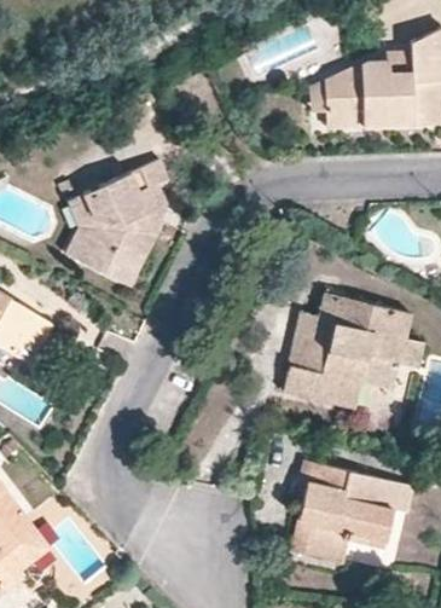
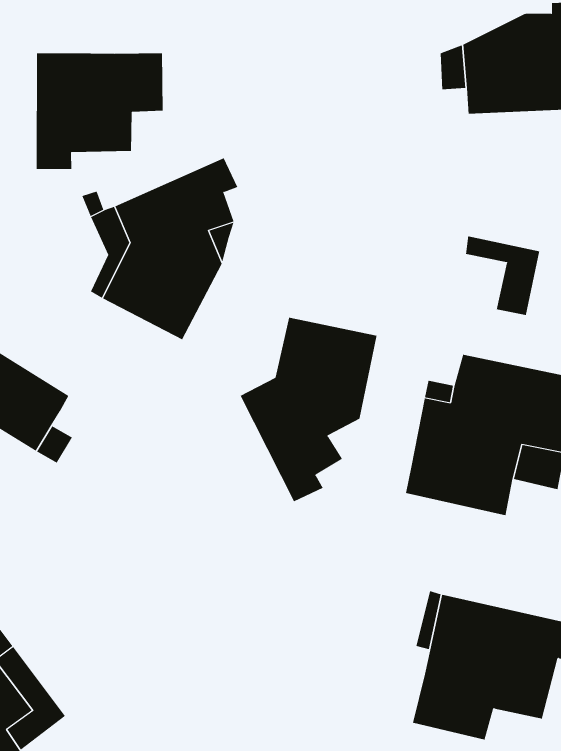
building: none -> [36,52,163,170]
building: none -> [466,235,540,316]
building: none -> [240,317,377,502]

